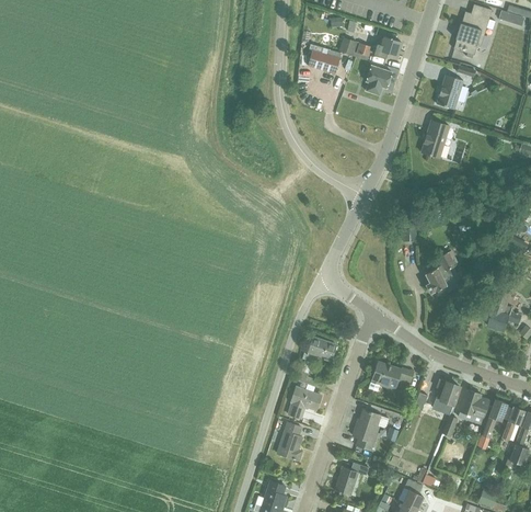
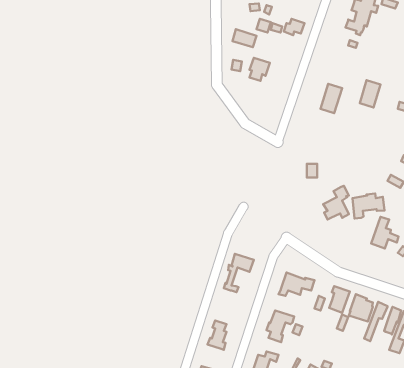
building: [366,65,392,94] -> [249,58,270,81]
building: [437,73,463,109] -> [360,80,380,108]
building: none -> [352,194,385,218]
building: [288,384,321,418] -> none

